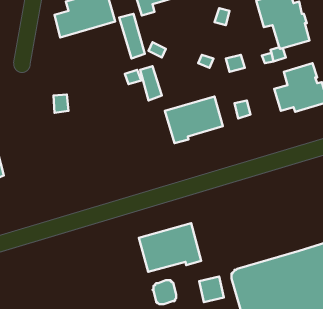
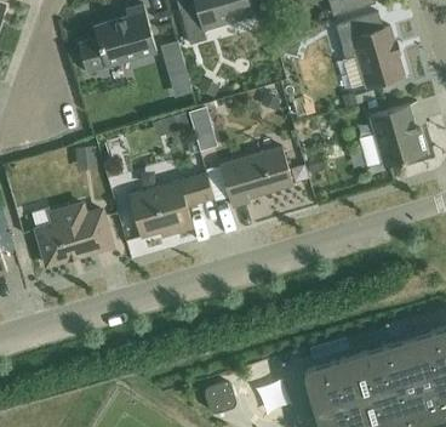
building: none -> [128,173,213,238]
building: none -> [36,205,113,266]
building: [139,223,201,272] -> none

